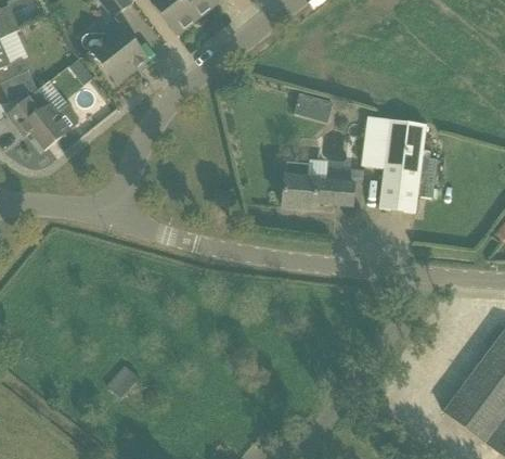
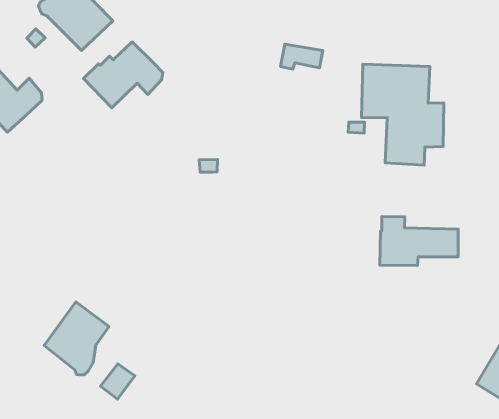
building: none -> [84,42,163,108]
building: [282,162,354,208] -> [380,216,458,265]
building: none -> [44,302,109,375]

